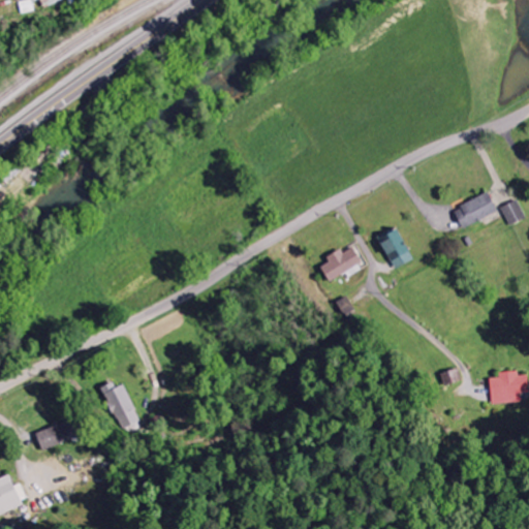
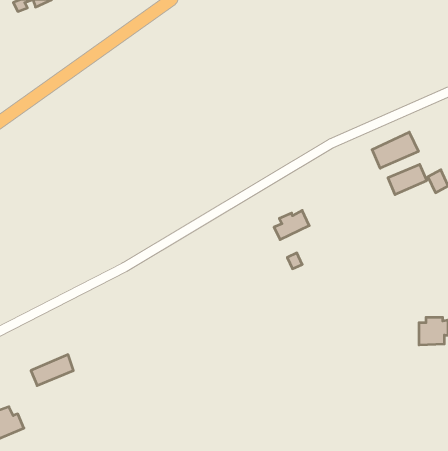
building: none -> [372,132,418,168]
building: [380,230,409,269] -> none
building: [98,382,139,431] -> none

